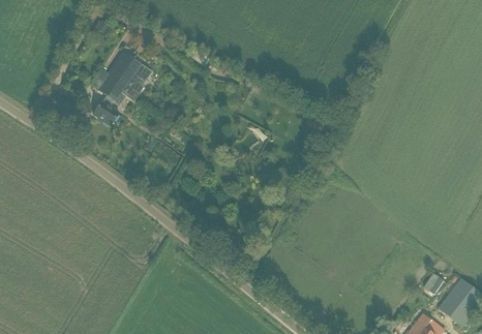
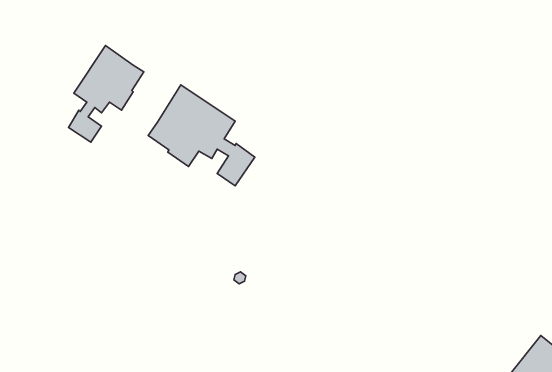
building: none -> [148,85,255,186]

